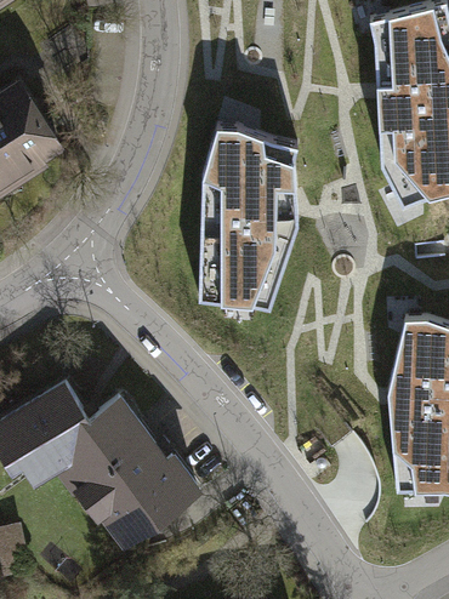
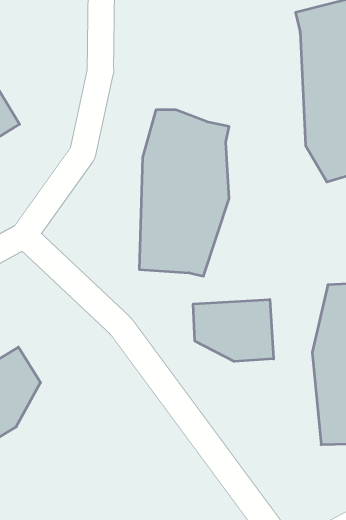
building: none -> [193,299,274,361]
building: [63,401,205,555] -> none

